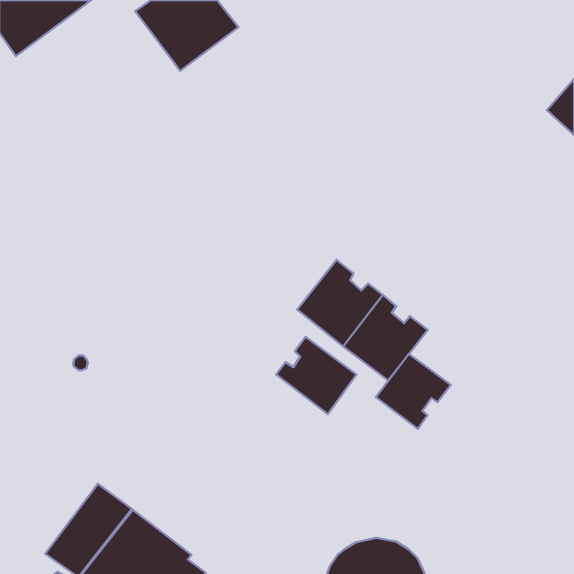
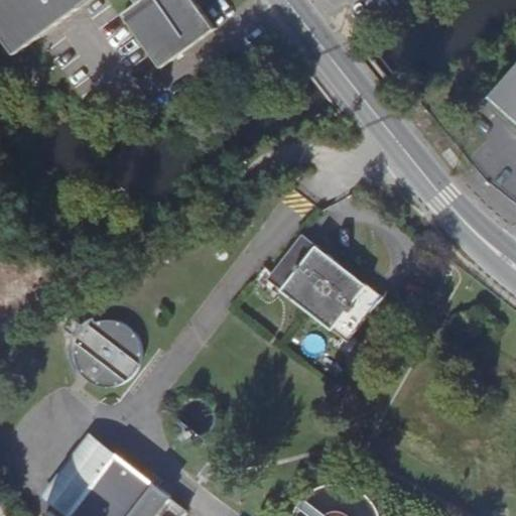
building: [276,337,356,414] -> none
building: [376,354,451,429] -> none
building: none -> [75,318,142,386]

